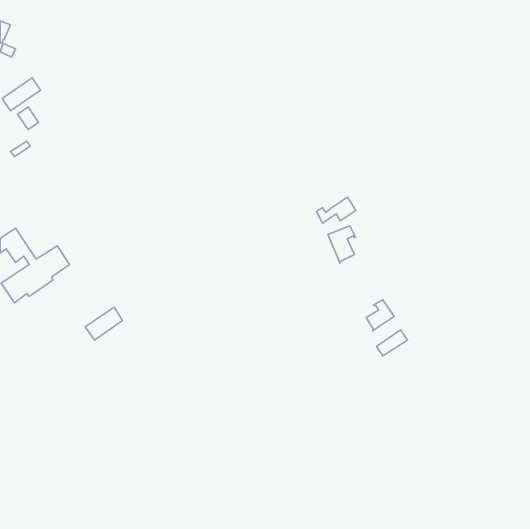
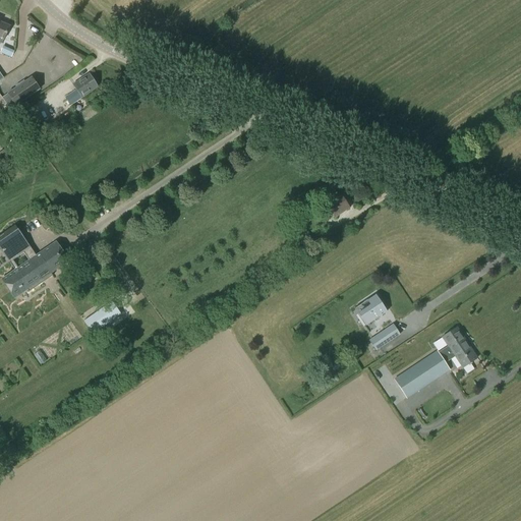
building: none -> [64,73,98,105]
building: [328,226,355,263] -> none
building: none -> [395,326,477,397]

